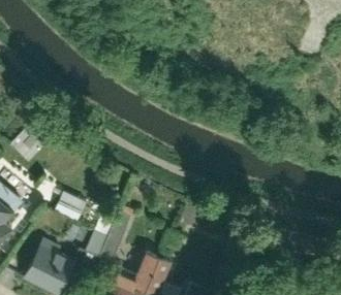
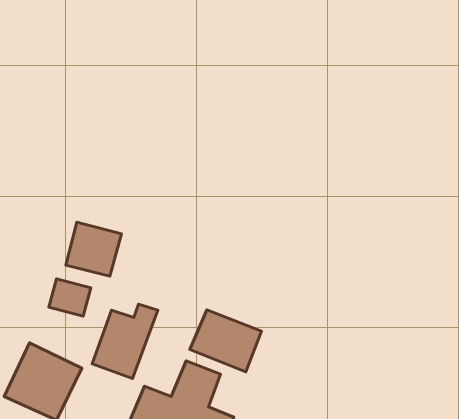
building: none -> [66,222,121,276]
building: none -> [190,310,262,372]

